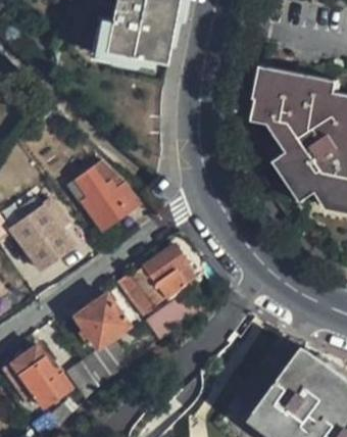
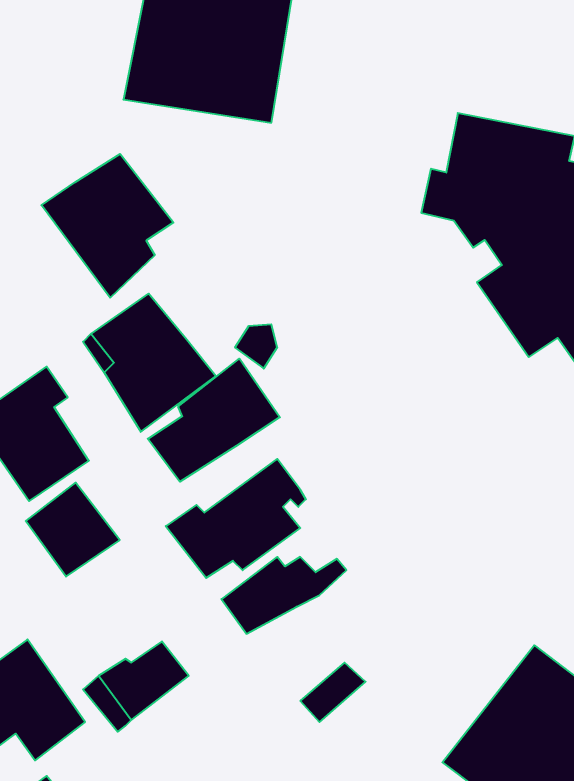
building: none -> [41,154,173,298]
building: none -> [148,359,280,482]
building: [73,300,123,350] -> [26,483,120,577]

